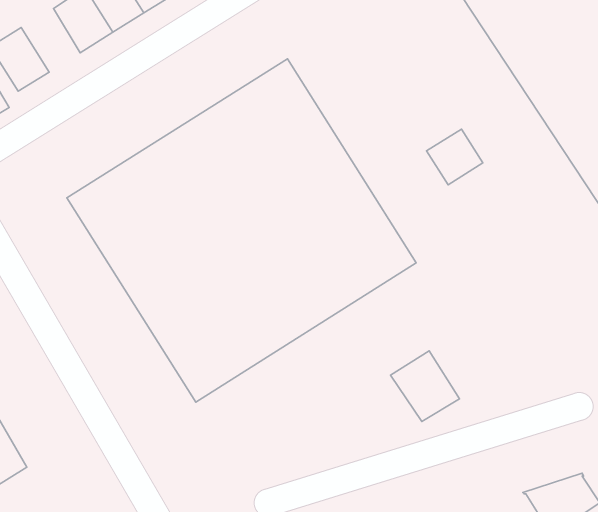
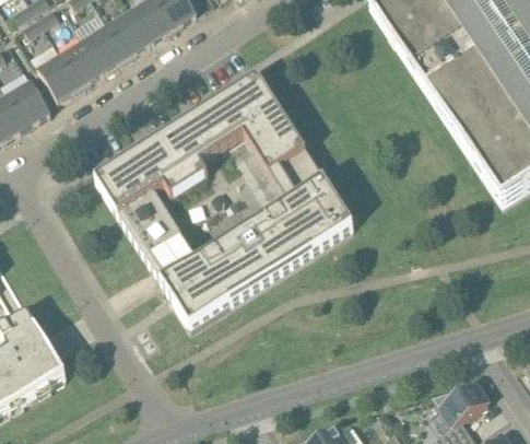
building: none -> [61,38,105,85]
building: [426,129,483,185] -> none
building: [391,351,459,422] -> none

